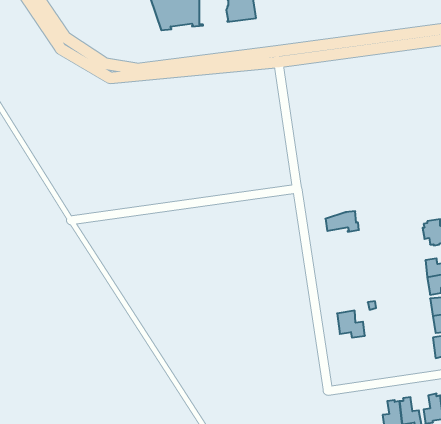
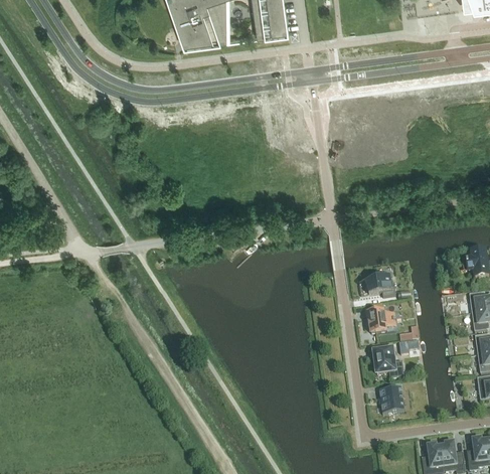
building: [325,211,359,232] -> [359,274,395,296]
building: none -> [366,307,395,332]
building: none -> [379,386,404,413]

